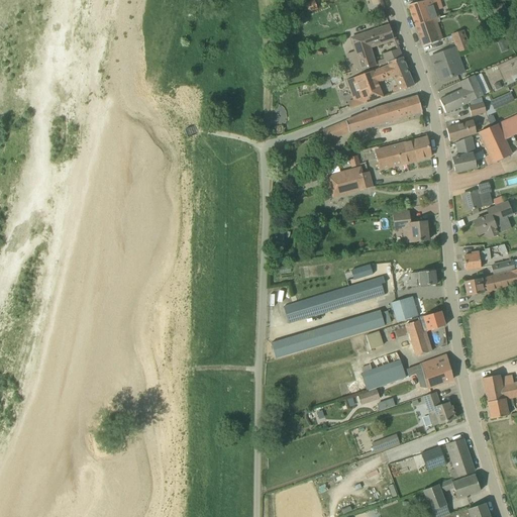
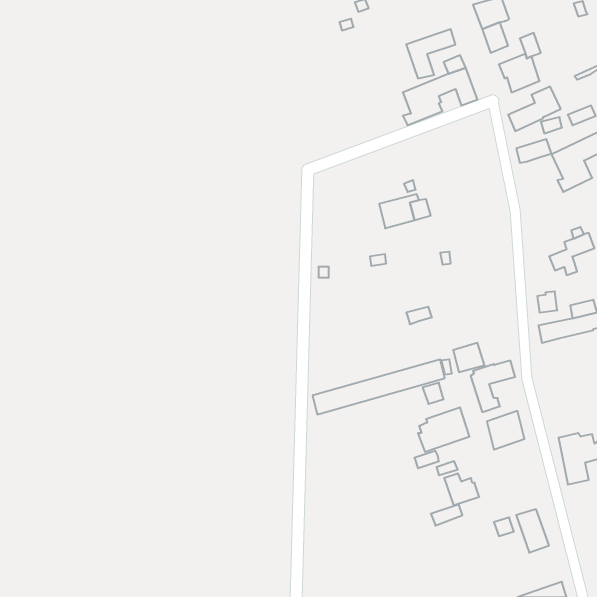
building: [323,96,422,141] -> none
building: [452,135,476,173] -> none
building: [375,137,431,169] -> none
building: [461,182,491,210] -> none
building: [393,211,429,242] -> none
building: [409,270,437,286] -> none
building: [285,277,386,323] -> none
building: [426,398,456,425] -> [444,473,479,505]
building: [452,475,481,498] -> none
building: [423,484,447,510] -> none

